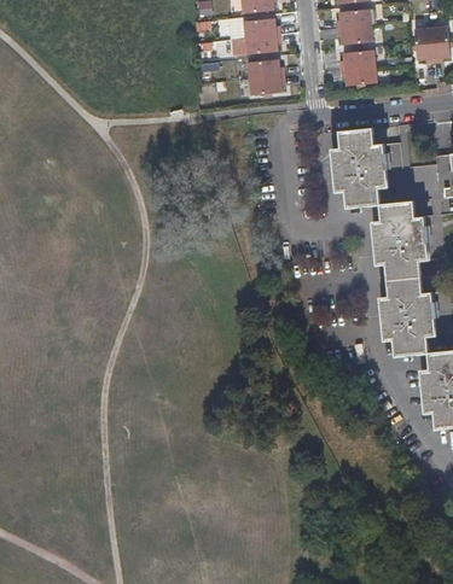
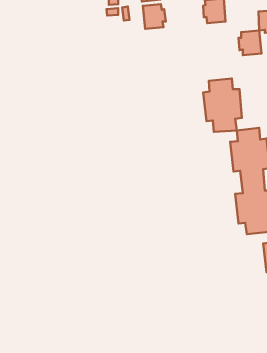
building: [335,52,368,88] -> [239,31,262,55]
building: [246,60,280,98] -> none

